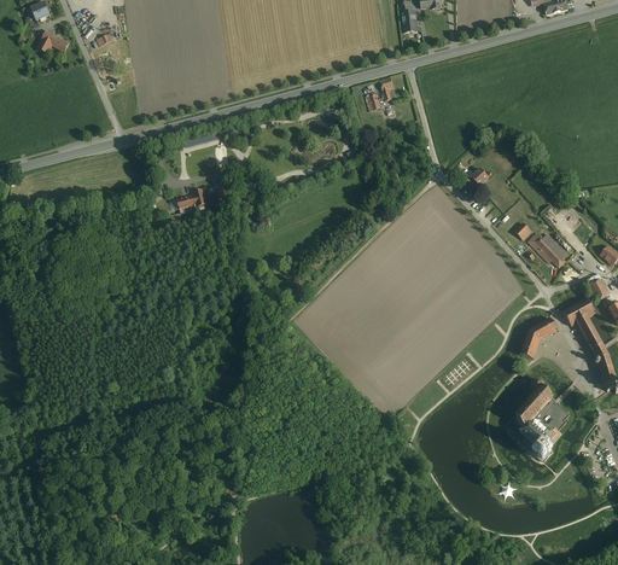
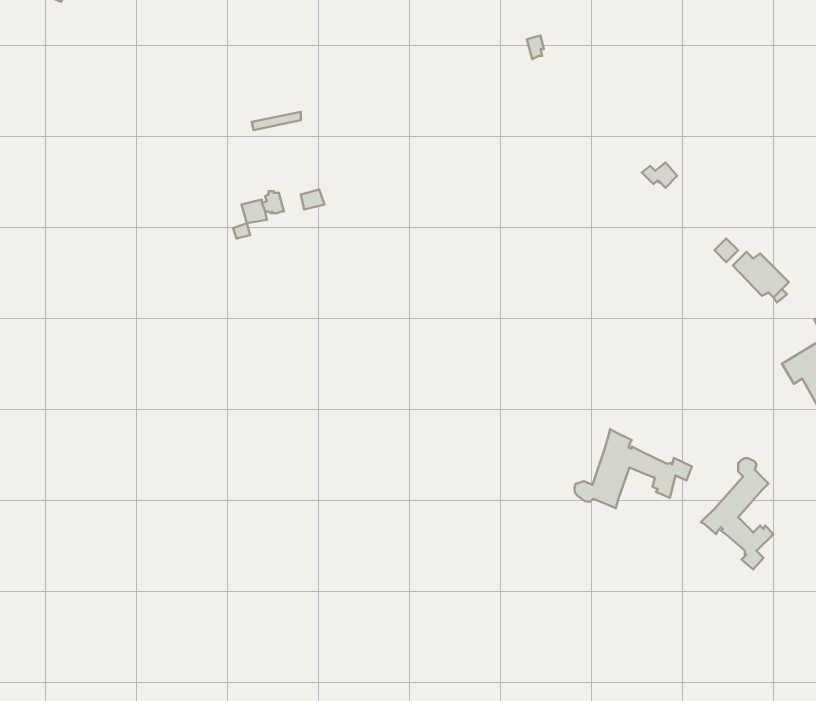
building: [521,318,558,359] -> none
building: none -> [574,429,692,508]

